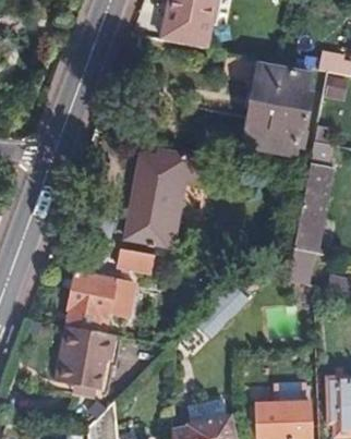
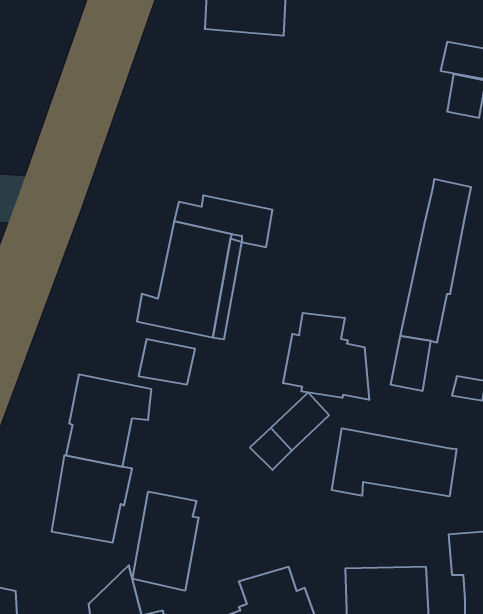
building: [243,63,311,154] -> none
building: none -> [283,313,369,400]
building: none -> [332,428,456,496]
building: none -> [132,492,199,591]

